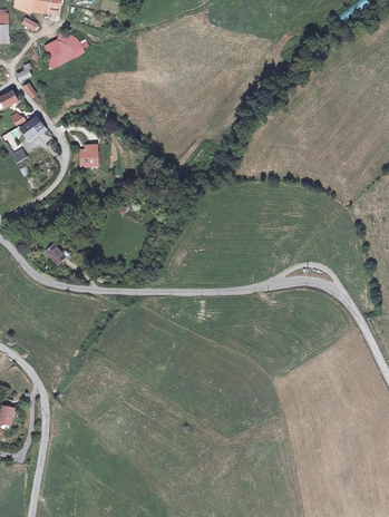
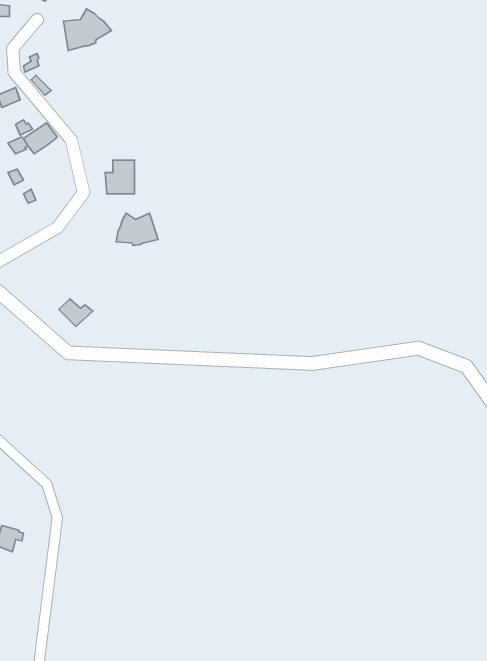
building: none -> [116,213,158,245]

